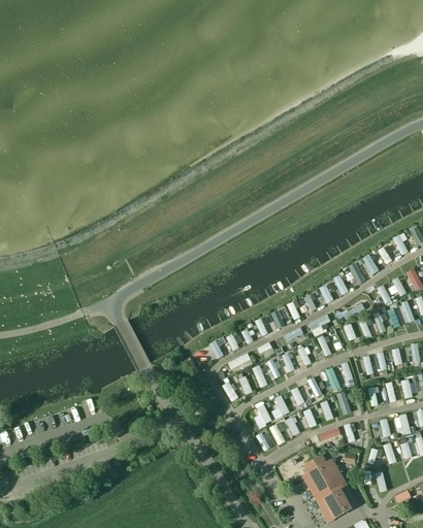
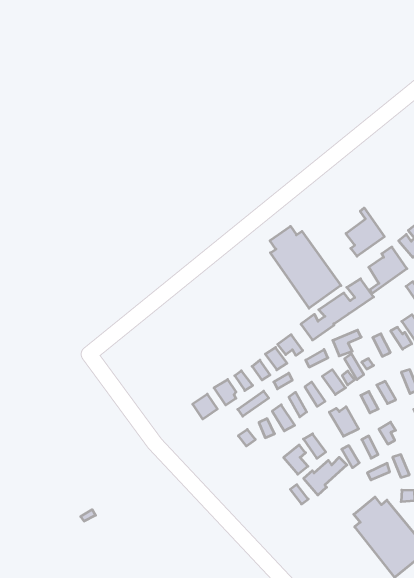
building: none -> [346,208,384,256]
building: none -> [270,226,341,308]

